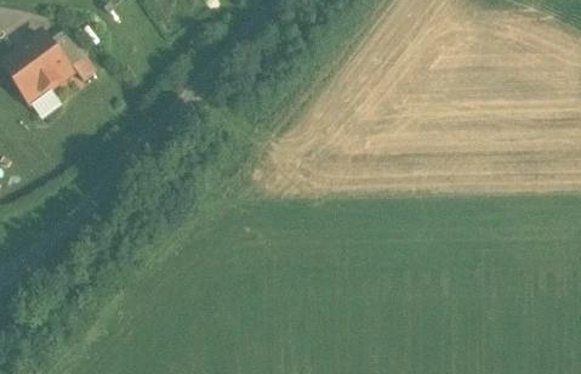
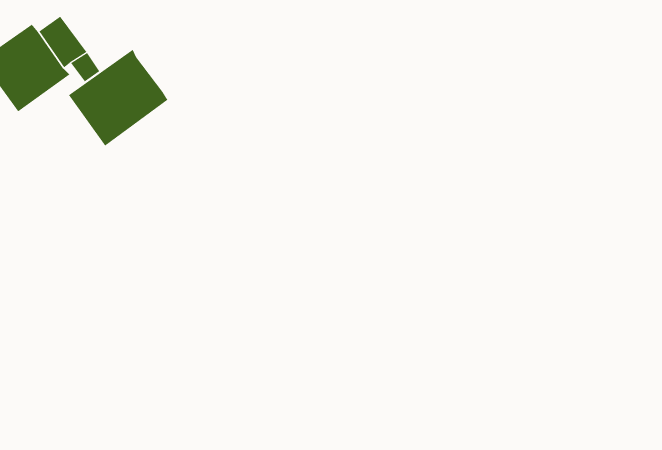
building: none -> [68,49,168,147]

